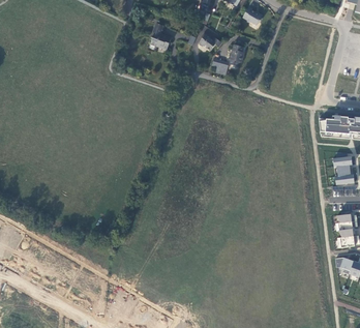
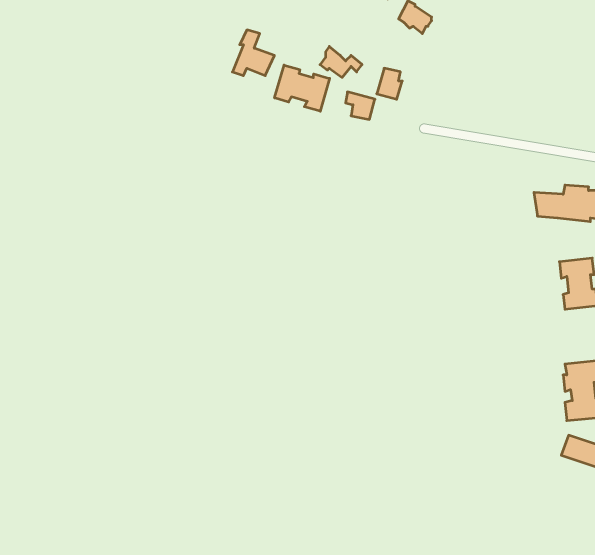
building: none -> [275,65,330,111]

